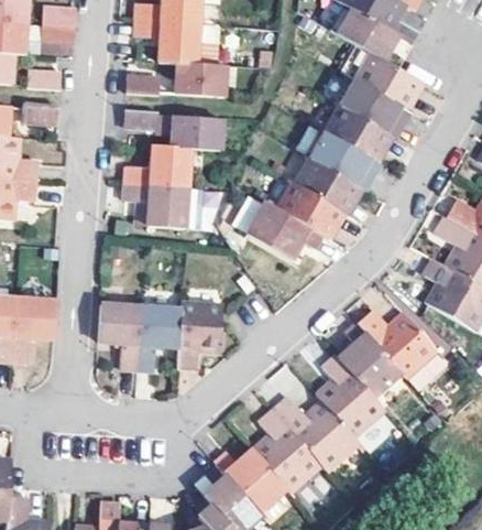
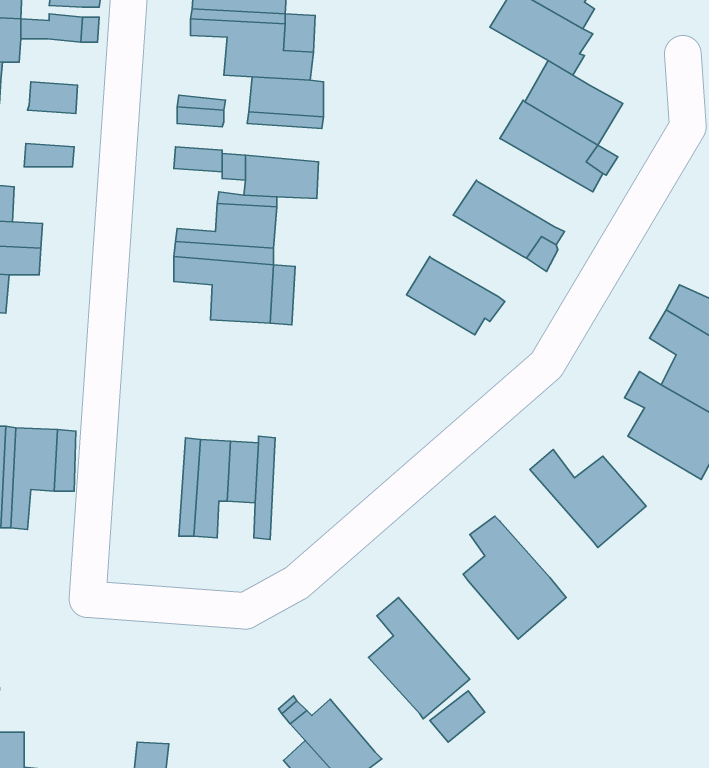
building: [326,106,394,163] -> none
building: [295,156,355,209] -> none
building: [230,191,324,259] -> none
building: [100,301,132,368] -> none
building: [188,303,220,371] -> none
building: [340,324,402,396] -> none
building: [273,397,357,468] -> none
building: [213,446,287,511] -> none

